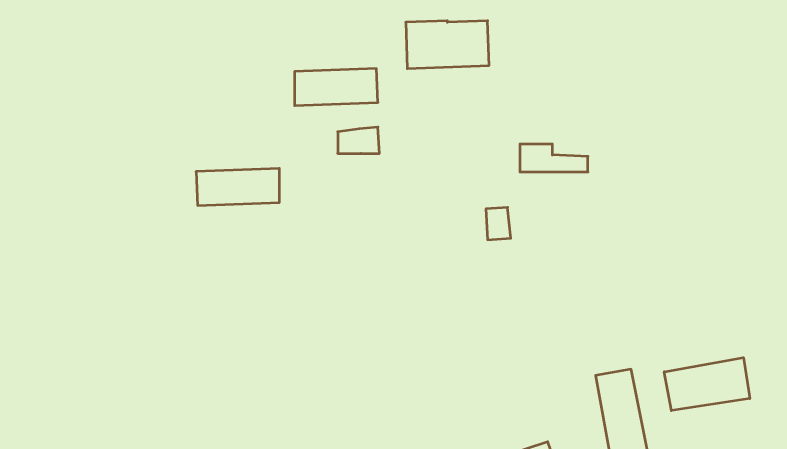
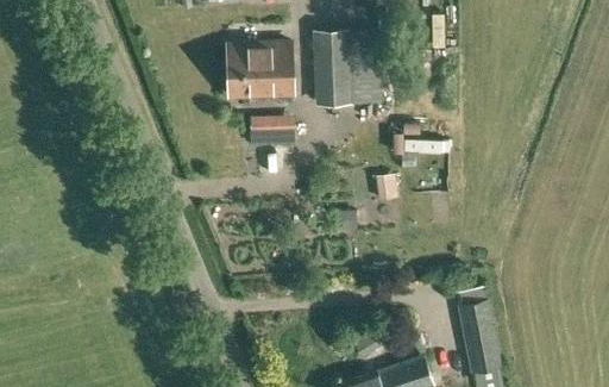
building: none -> [314,68,378,106]
building: [196,168,279,205] -> [226,44,290,73]
building: [664,358,750,411] -> none

